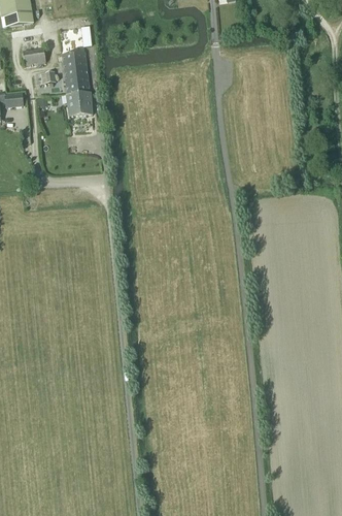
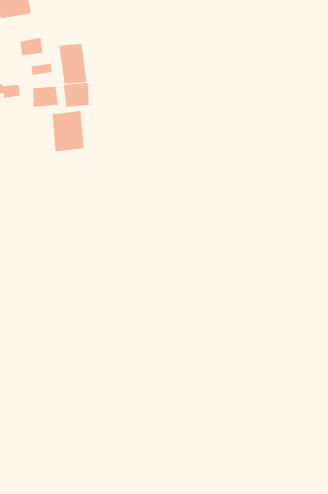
building: none -> [33,86,58,108]
building: none -> [52,110,84,152]

